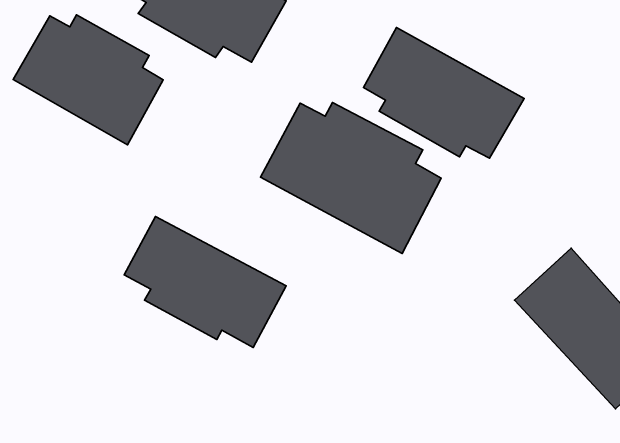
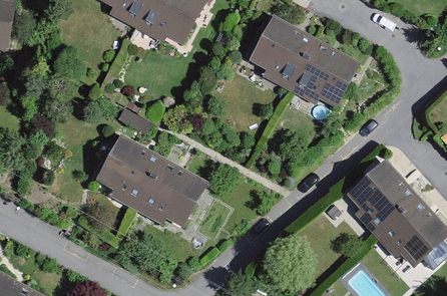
building: [13,15,163,145] -> none
building: [260,102,441,253] -> none

